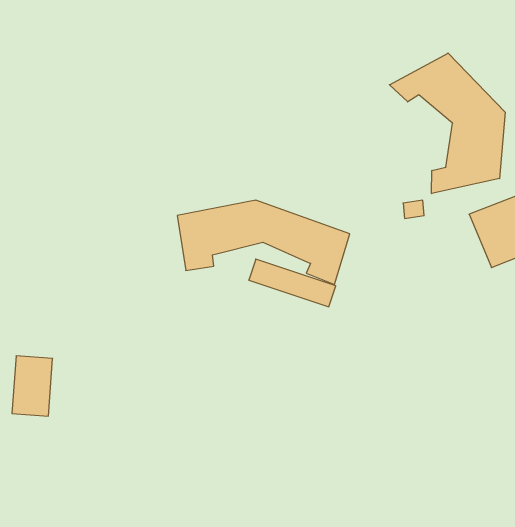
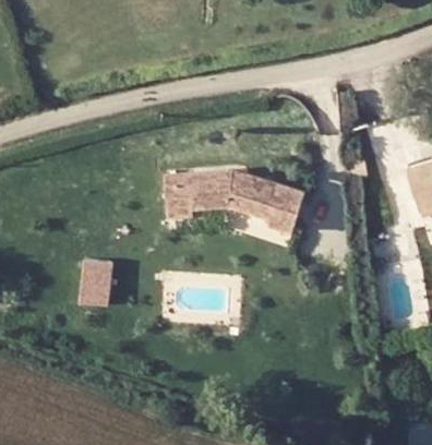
building: [389,53,505,194] -> none
building: [12,356,53,416] -> [83,261,115,308]

